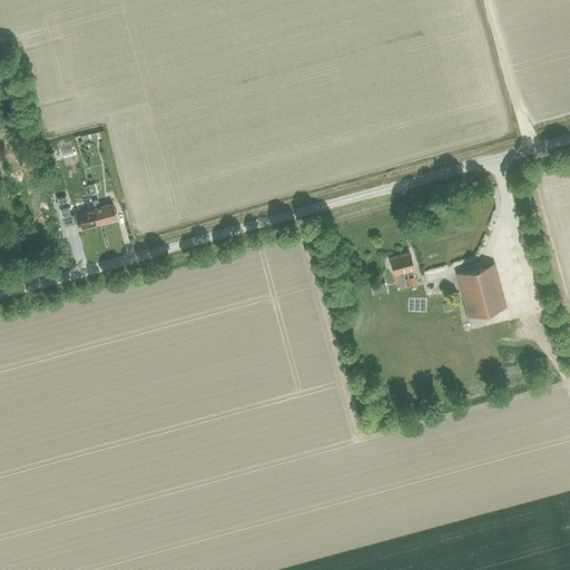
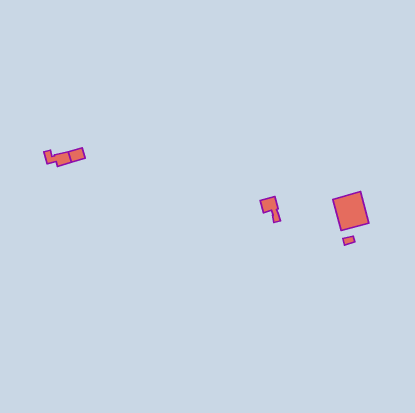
building: [390,254,417,289] -> [260,197,280,222]

